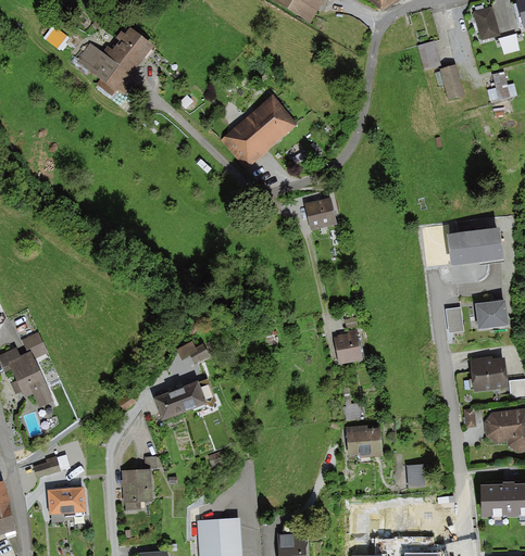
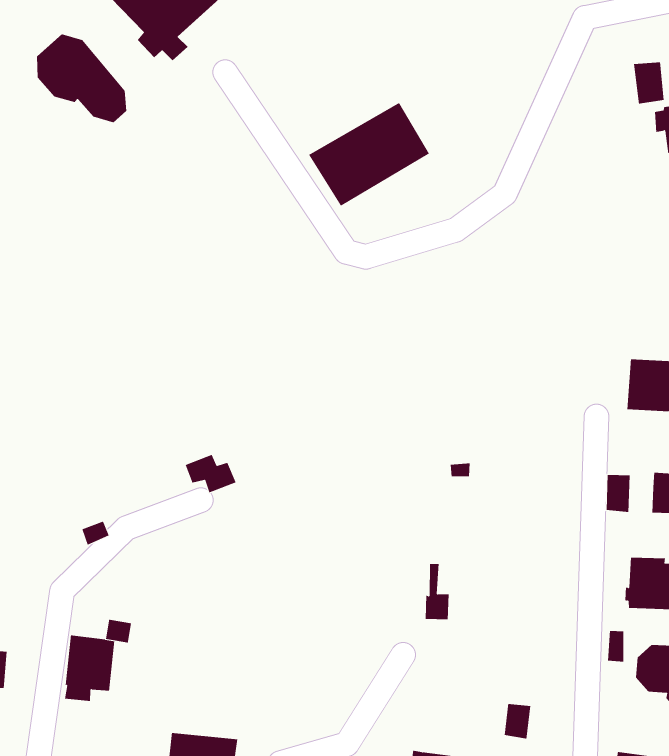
building: none -> [36,34,127,123]
building: [304,197,338,229] -> none
building: [335,329,362,363] -> none
building: [153,377,217,419] -> none
building: [346,426,382,456] -> none

